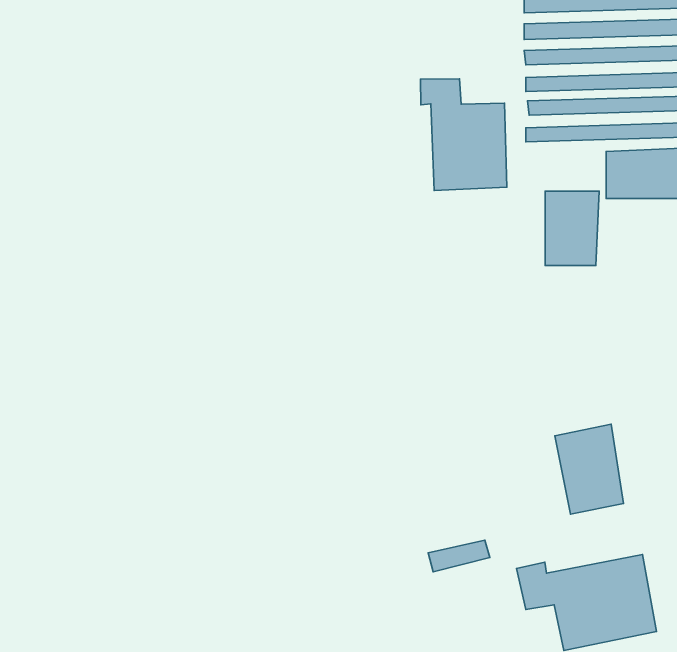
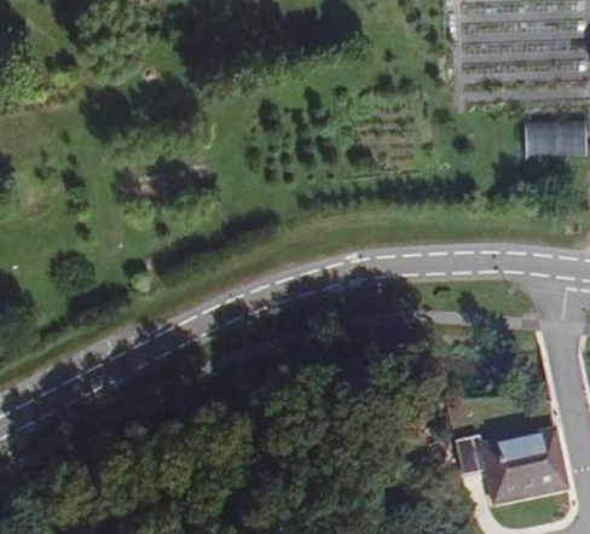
building: [420,79,507,191] -> none
building: [545,191,599,265] -> none
building: [555,424,624,514] -> none

